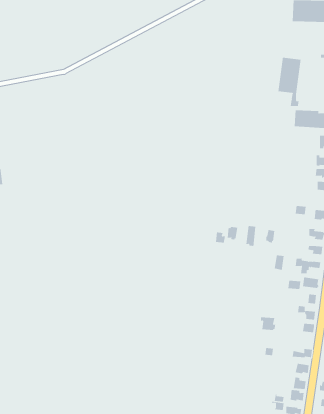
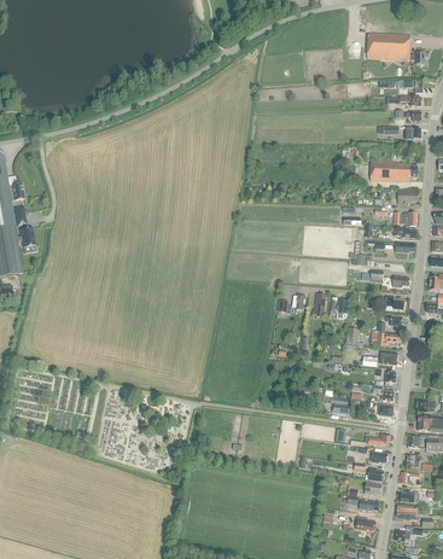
building: [278,57,301,107] -> none

